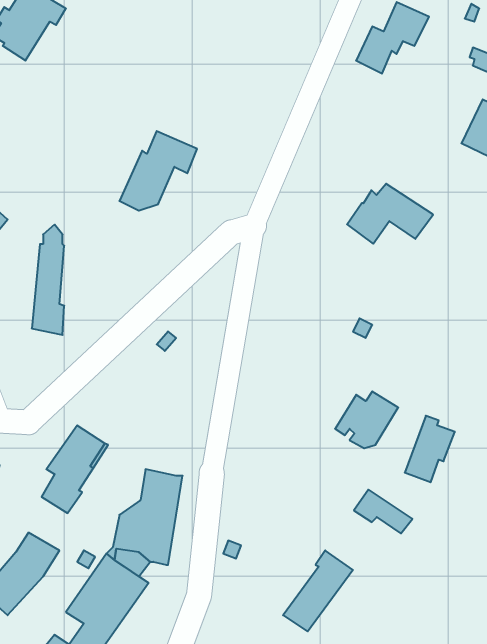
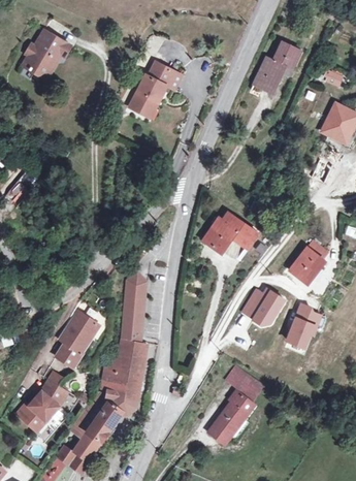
building: [119,131,197,211] -> [131,63,181,114]
building: [347,184,433,244] -> [204,214,259,252]
building: [32,225,64,335] -> [121,274,141,344]
building: none -> [289,241,328,284]
building: [354,490,412,533] -> [226,367,263,395]

